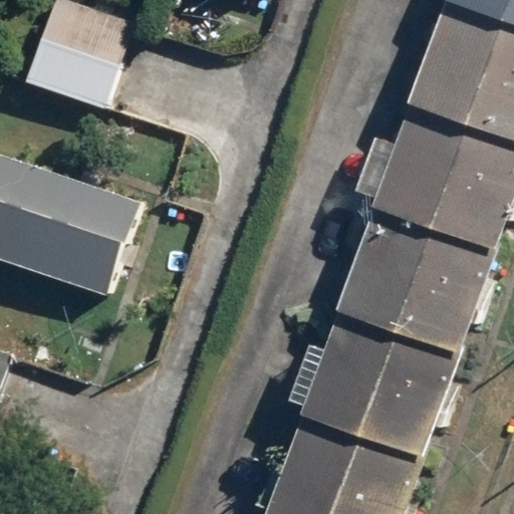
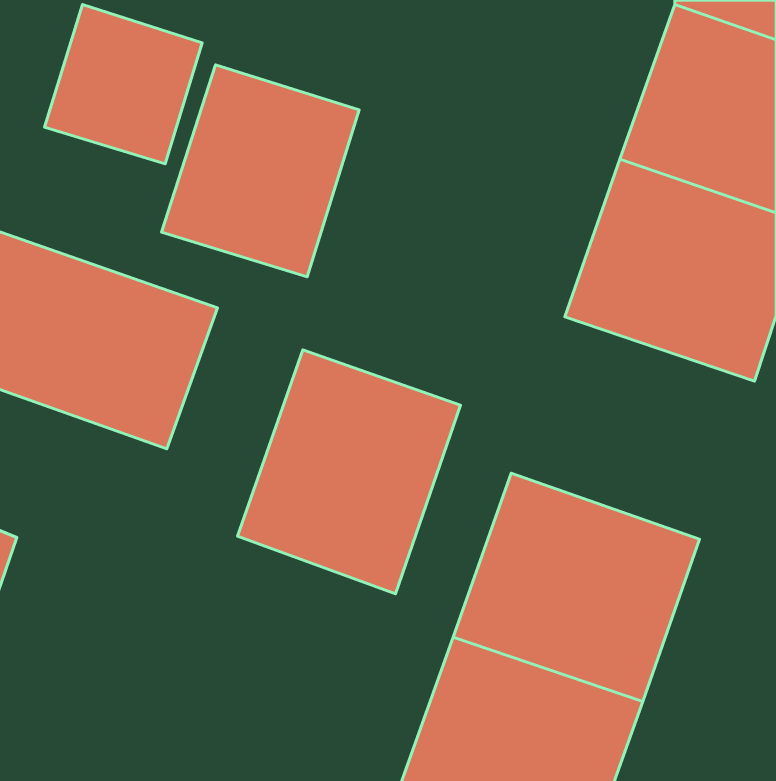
building: none -> [161,65,359,277]
building: [335,209,495,354] -> none
building: none -> [238,350,461,594]

